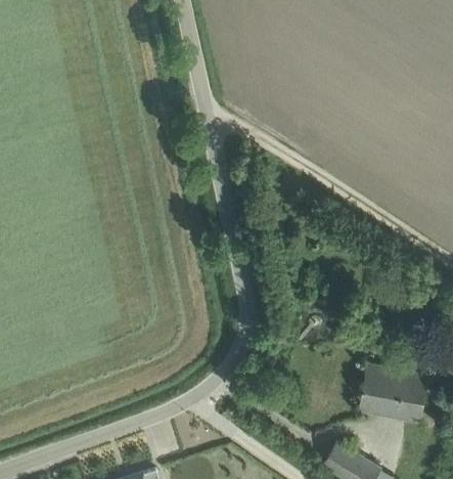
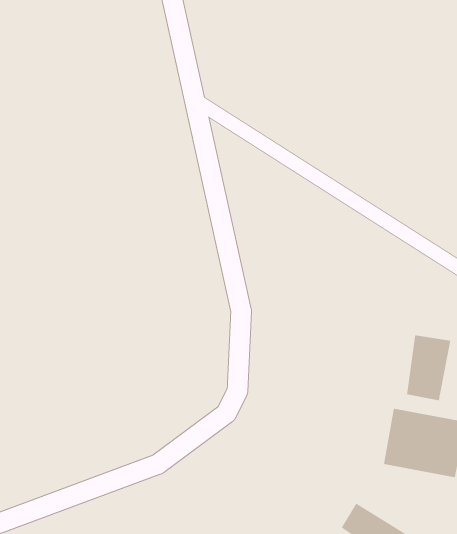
building: none -> [407,335,451,401]

